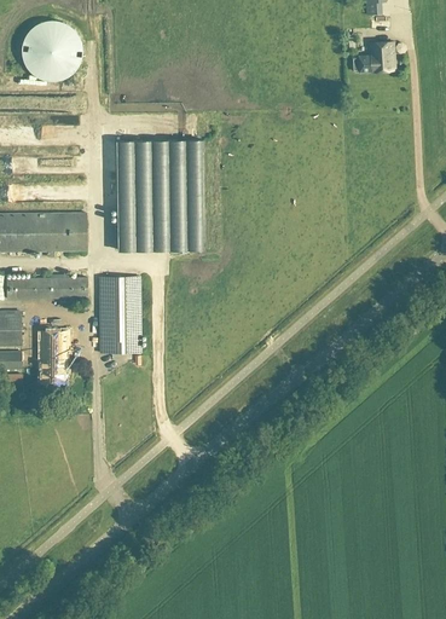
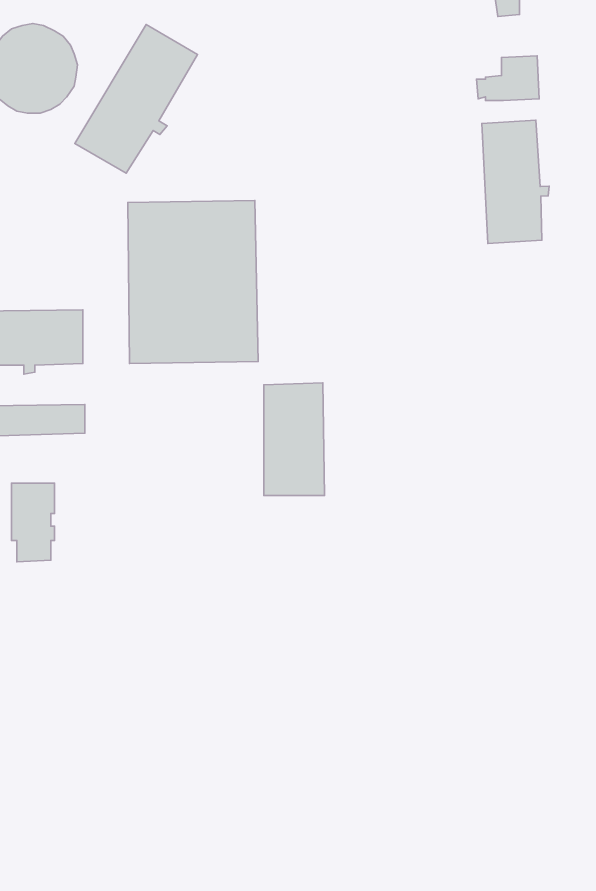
building: none -> [75,24,197,173]
building: none -> [482,120,549,244]
building: [99,276,140,352] -> [264,383,325,496]

